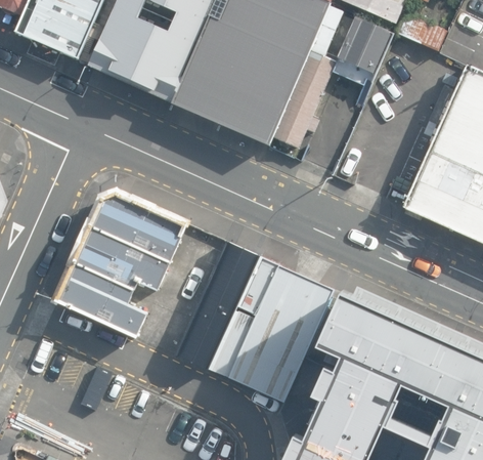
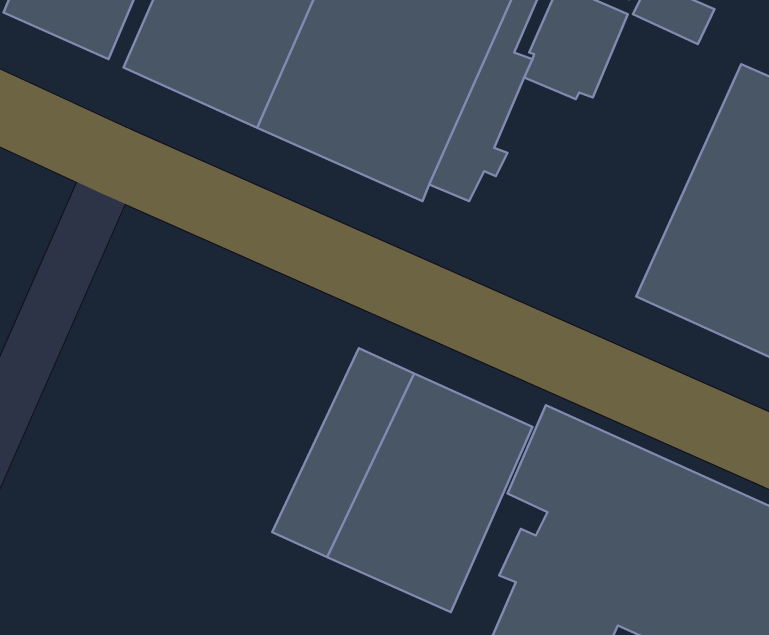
building: [54,180,193,332] -> none

